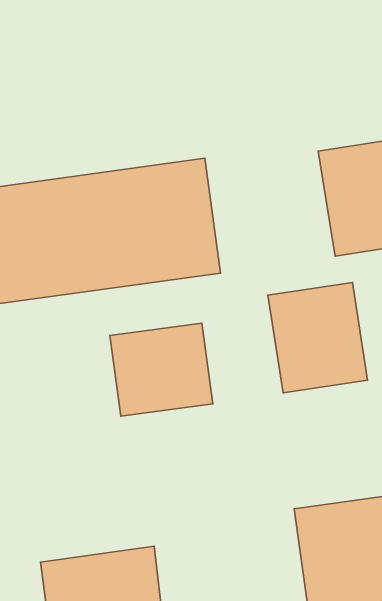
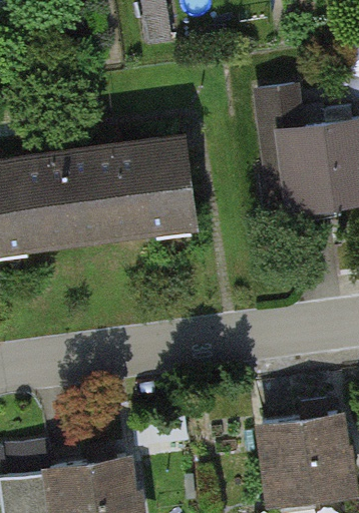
building: [268,282,368,393] -> none
building: [110,323,213,416] -> none

